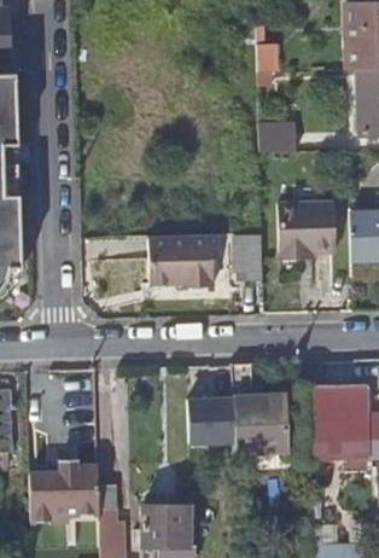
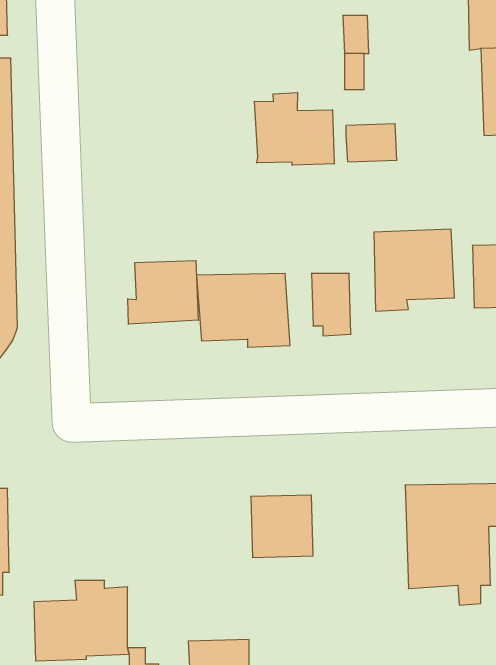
building: none -> [255,92,334,165]
building: none -> [128,261,198,324]
building: [234,366,286,455] -> none

